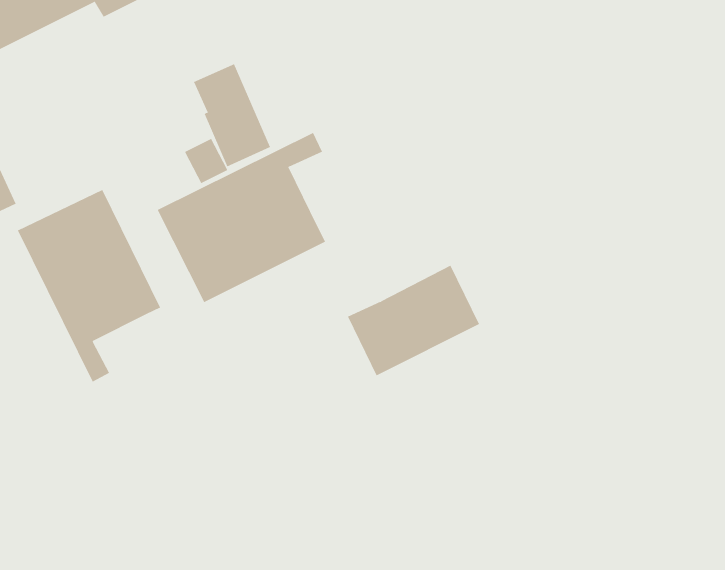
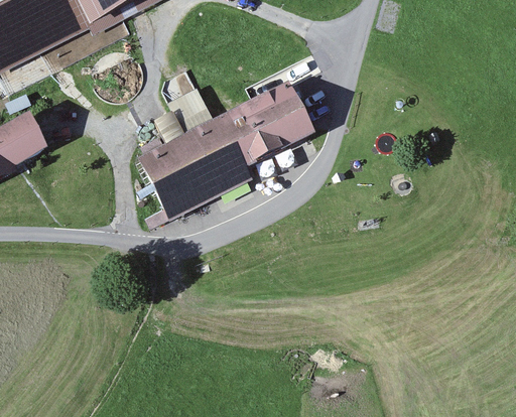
building: [17,189,161,382] -> none
building: [347,265,480,376] -> [226,91,313,164]

